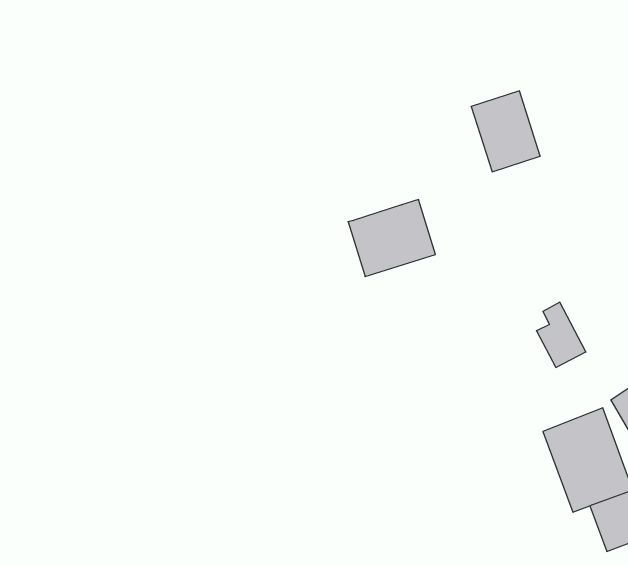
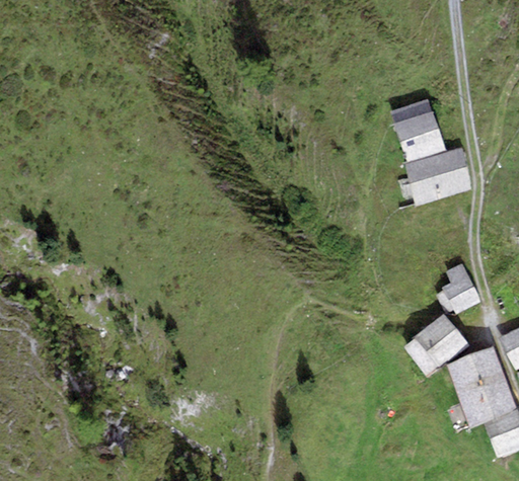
building: [348,200,435,277] -> [403,146,471,206]
building: none -> [413,313,468,367]

